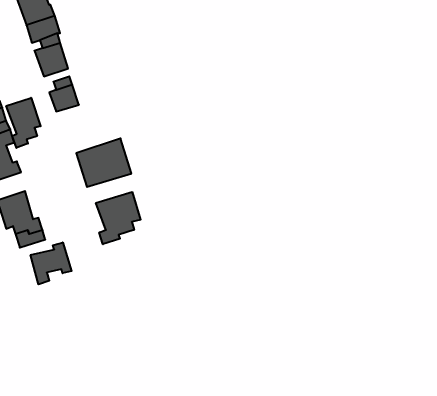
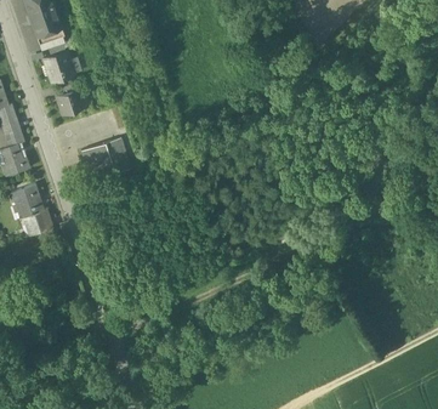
building: [6,98,41,148] -> none
building: [96,192,141,244] -> none
building: [31,242,72,284] -> none

